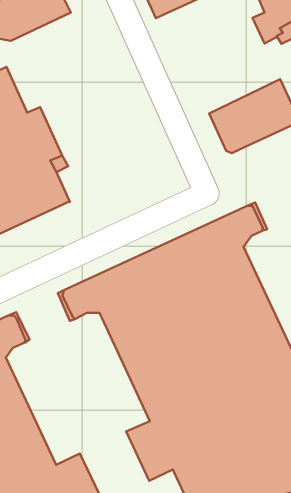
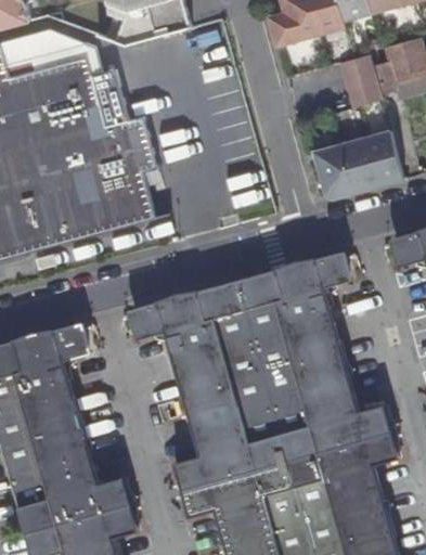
building: none -> [340,53,384,106]

